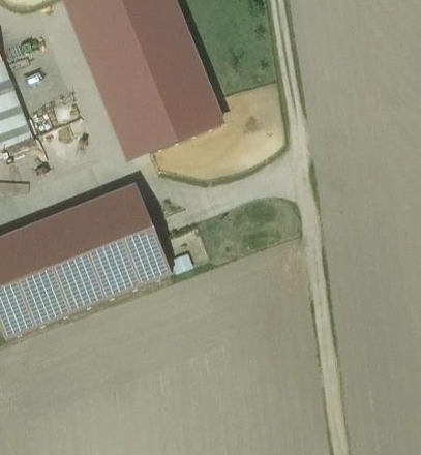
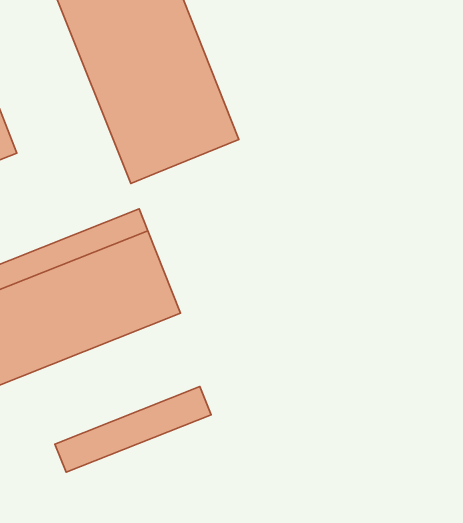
building: none -> [55,387,211,472]

